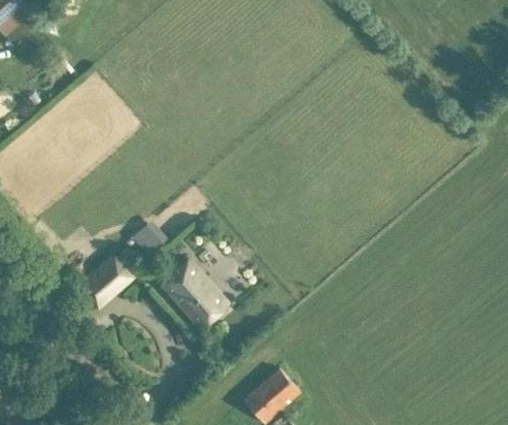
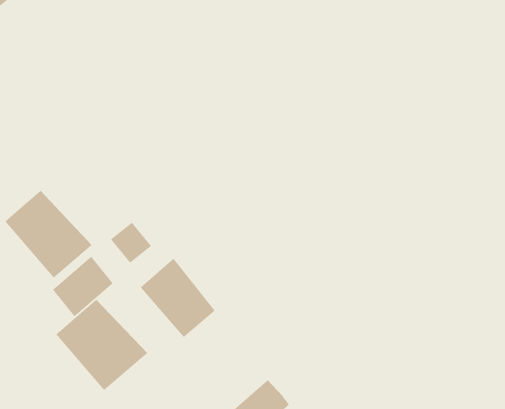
building: none -> [5,190,93,278]
building: none -> [55,299,148,391]

